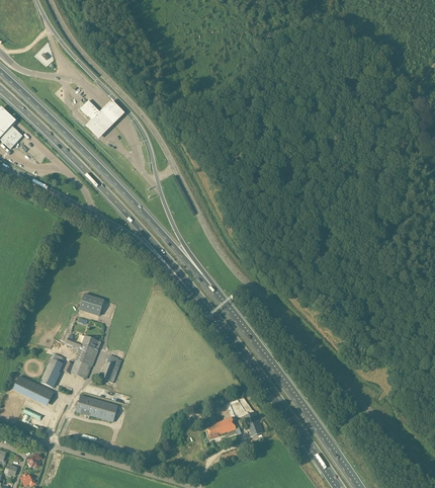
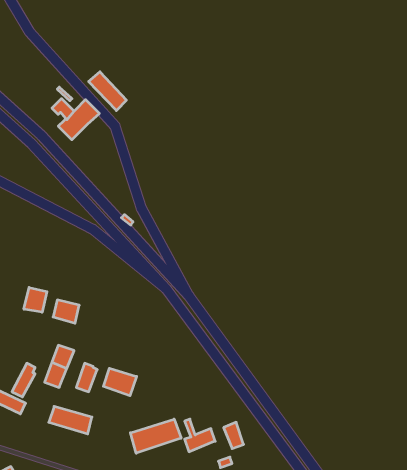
building: none -> [89,72,126,111]
building: none -> [24,287,47,312]
building: none -> [103,368,137,396]
building: none -> [130,419,181,453]

